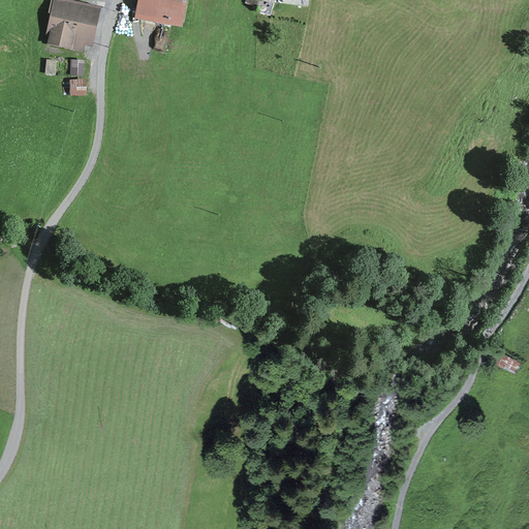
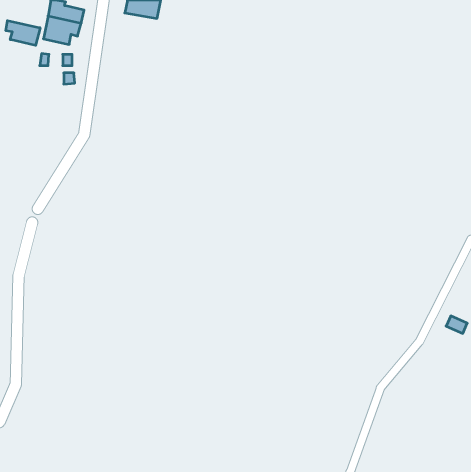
building: none -> [6,21,40,45]

